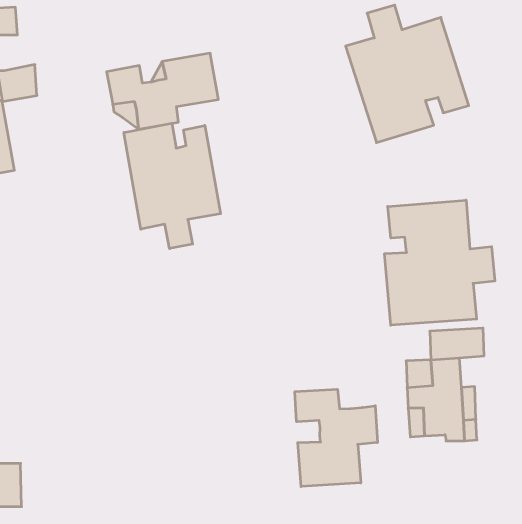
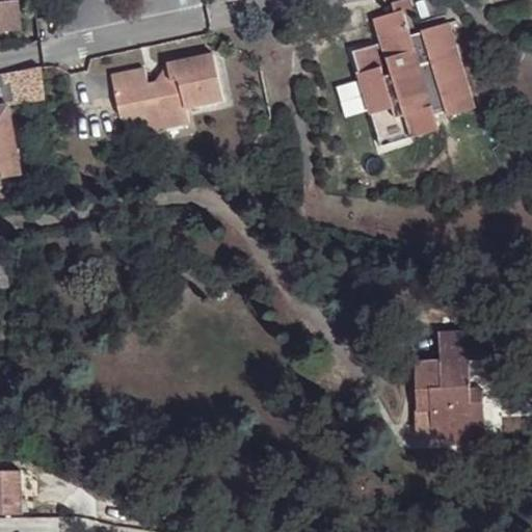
building: [124,123,221,249] -> none
building: [385,200,495,325] -> none
building: [295,389,377,487] -> none

